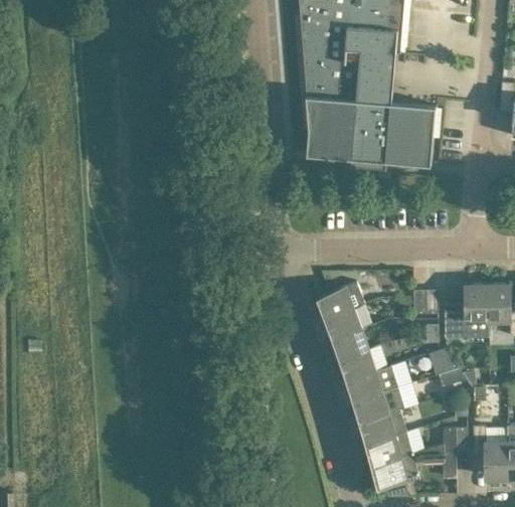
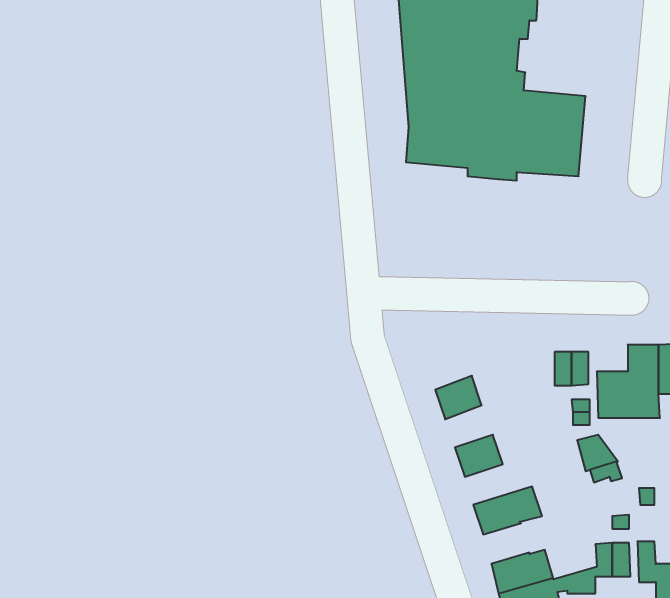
building: [319,283,359,318] -> none
building: [334,329,368,359] -> none
building: [348,366,396,400] -> none
building: [361,409,405,443] -> none

